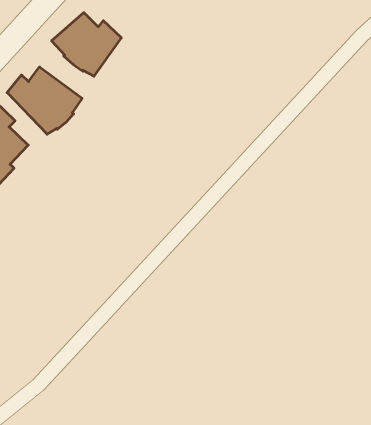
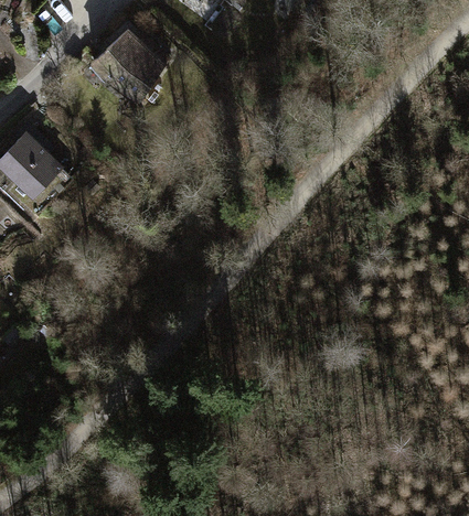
building: [7,67,82,134] -> none

